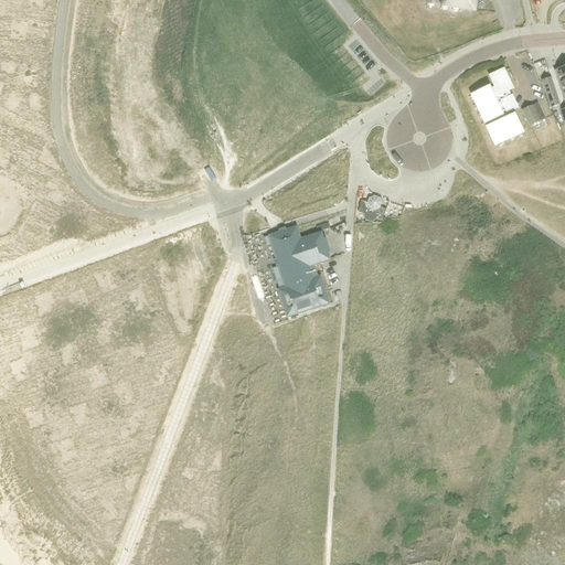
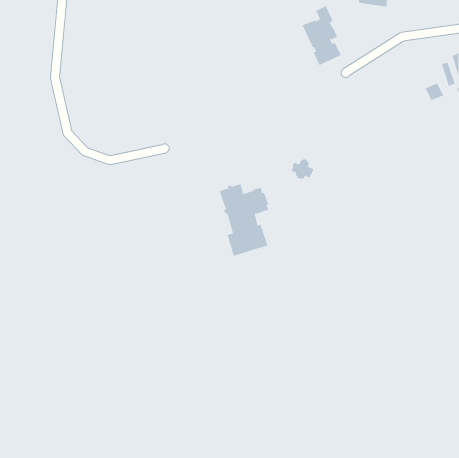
building: [472,67,521,141] -> [302,6,342,66]

